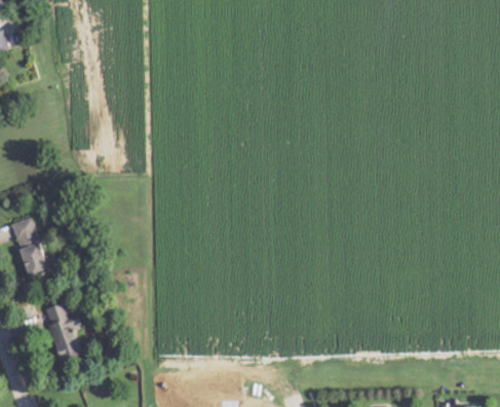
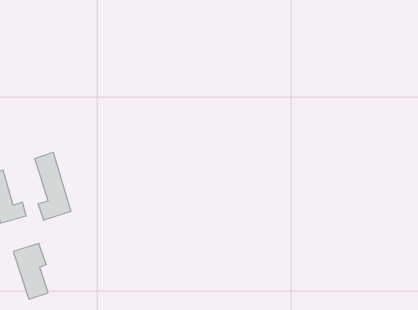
building: none -> [35,152,71,220]

